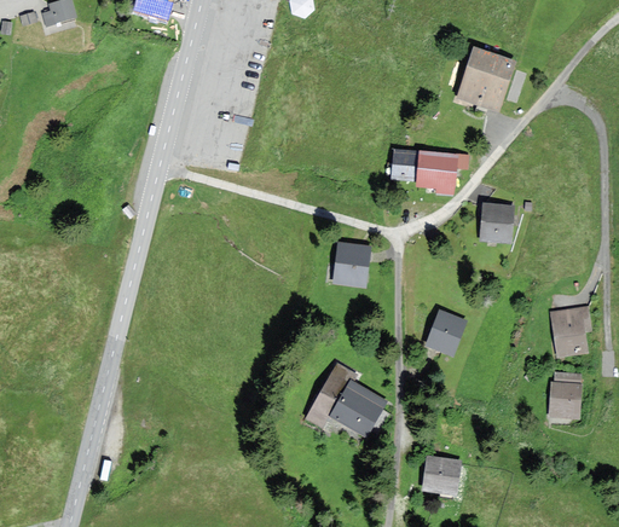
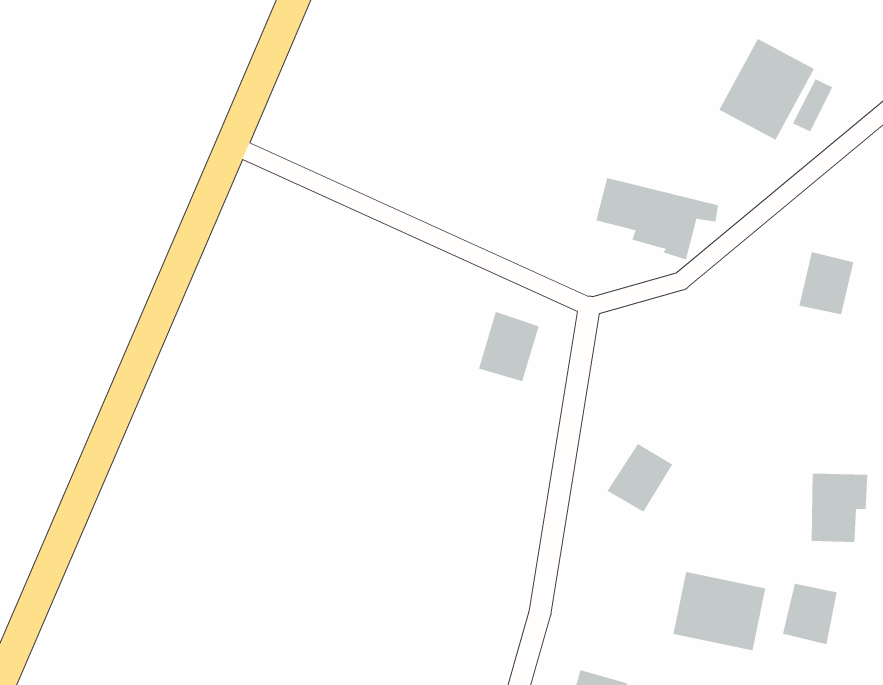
building: [481,203,511,239] -> [798,251,854,315]
building: [307,364,384,433] -> none
building: none -> [673,571,766,651]

